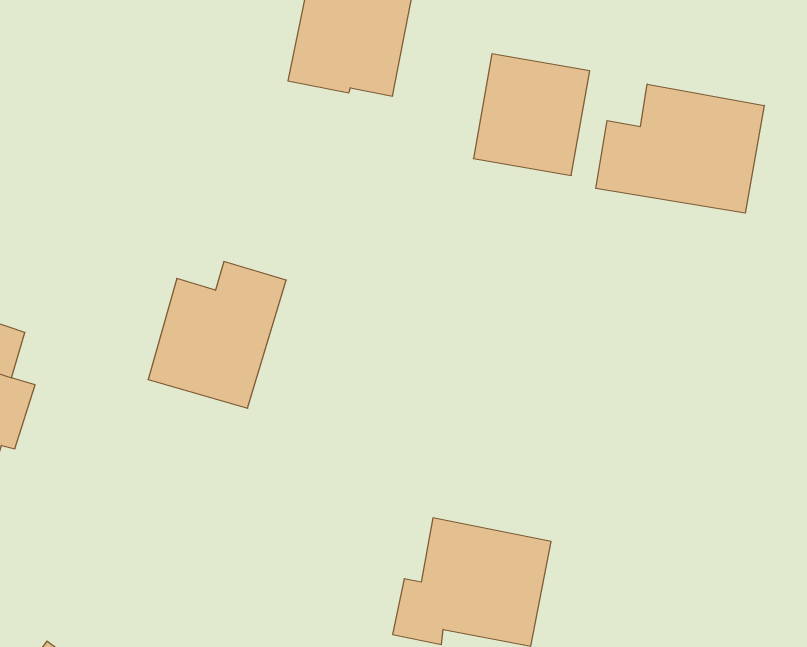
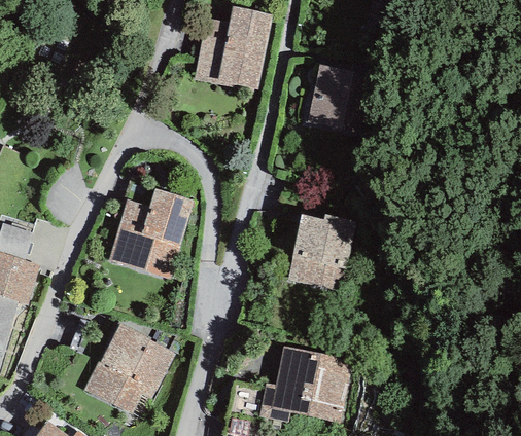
building: [596,84,764,213] -> none
building: none -> [286,214,359,292]
building: none -> [82,323,175,414]

